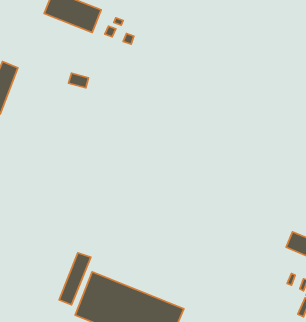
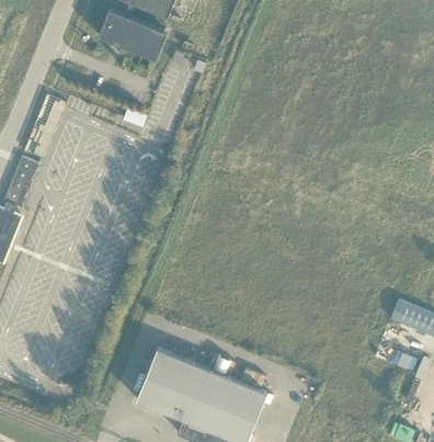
building: [59,253,91,305] -> none

